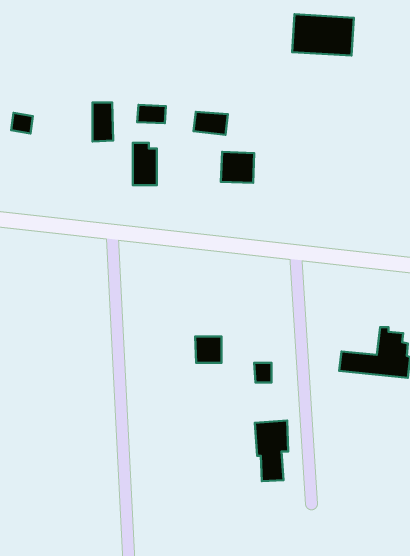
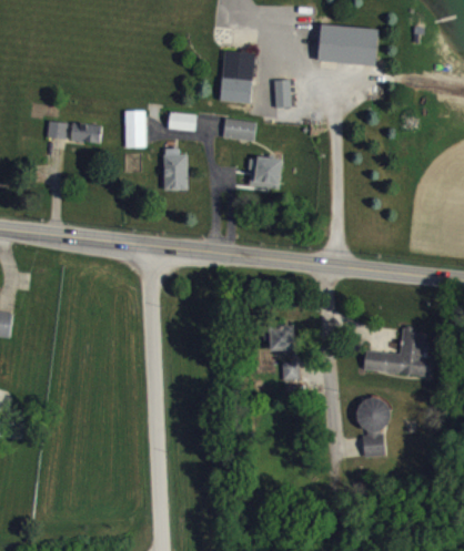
building: none -> [218,50,255,103]
building: none -> [273,79,291,108]
building: none -> [70,122,101,143]
building: [195,337,221,363] -> [269,325,294,350]
building: [255,420,288,481] -> [356,398,389,457]

